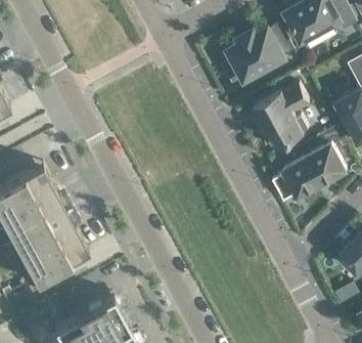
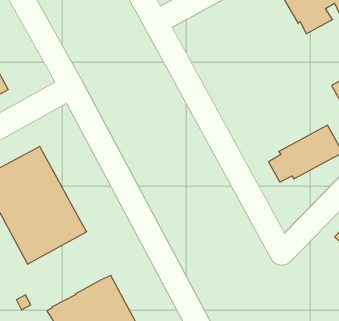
building: [227,25,293,81] -> none
building: [253,86,308,152] -> none

